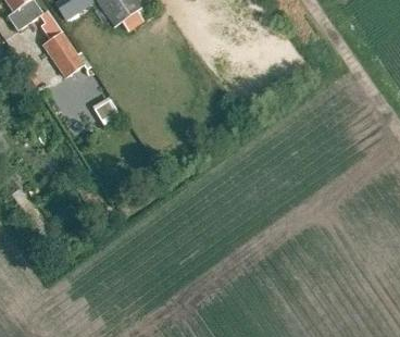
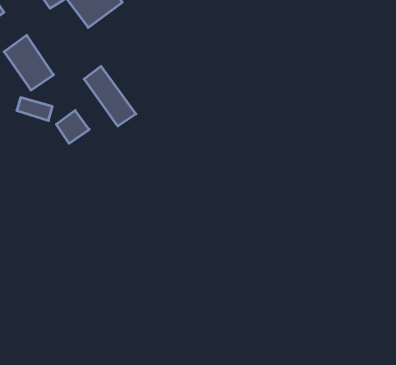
building: none -> [84,66,136,126]

